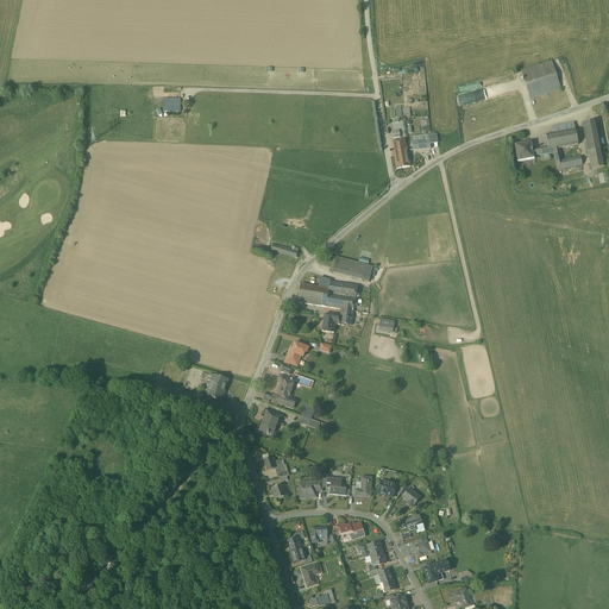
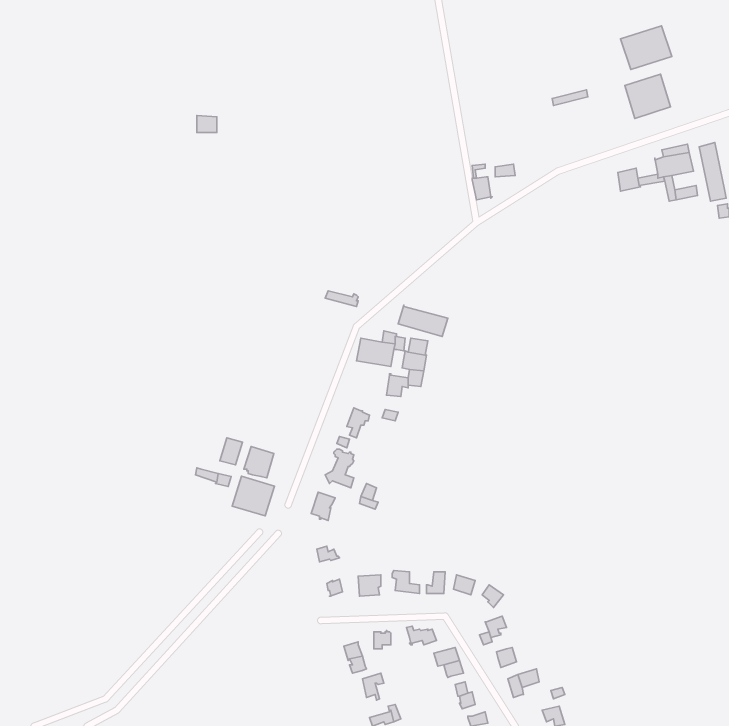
building: none -> [620,26,672,70]
building: none -> [232,476,275,516]

